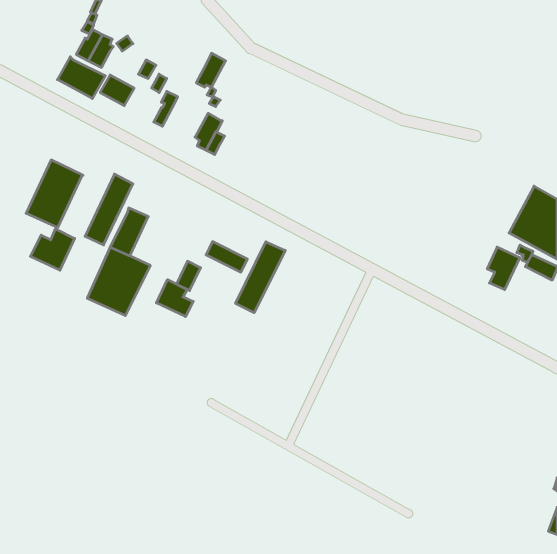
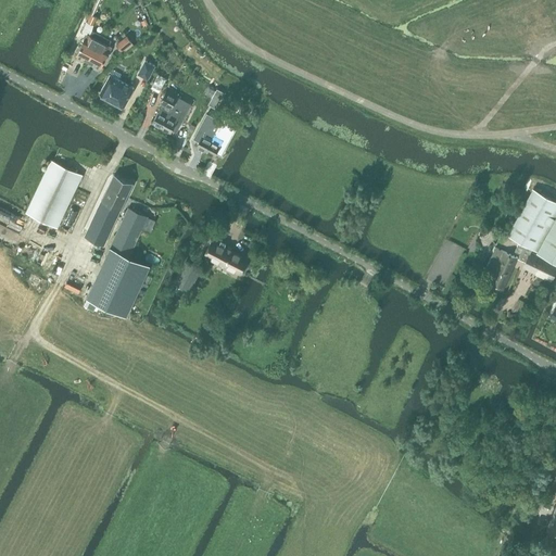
building: [196,53,226,87] -> [162,99,191,132]
building: [57,57,105,99] -> none
building: [30,229,75,270] -> none
building: [236,242,285,313] -> none
building: [156,280,193,317] -> none

